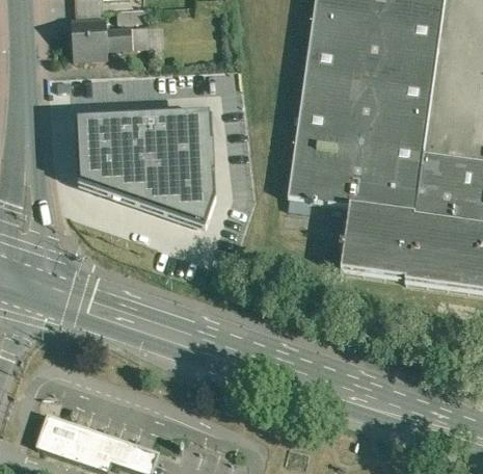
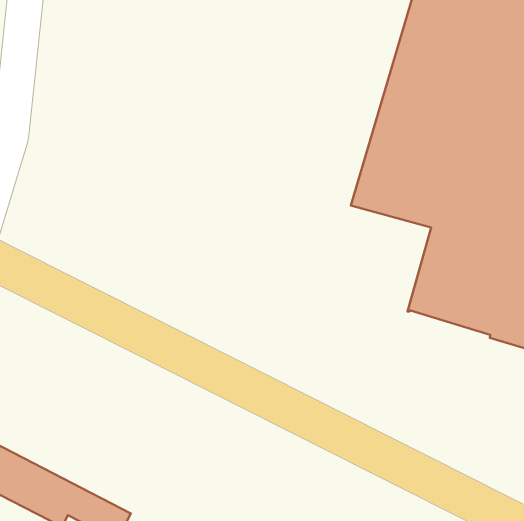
building: [76,115,216,230] -> none

